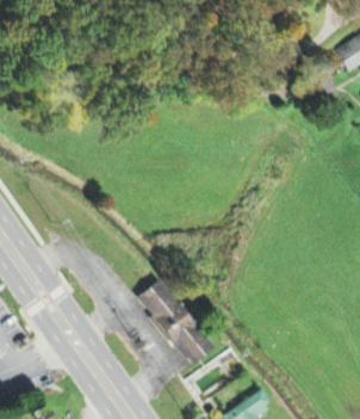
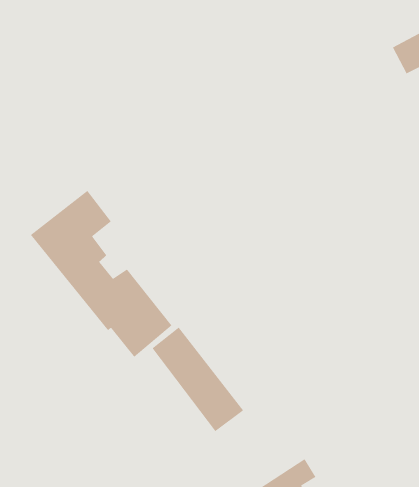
building: none -> [30,190,172,358]

